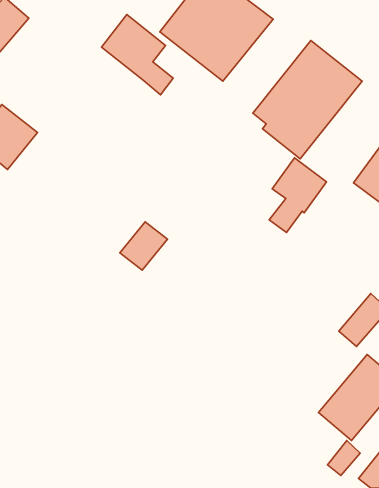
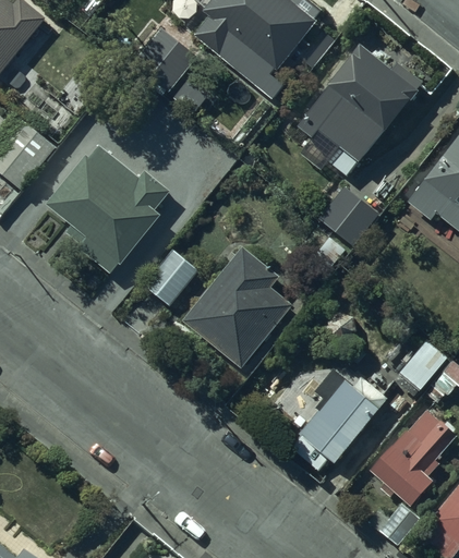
building: none -> [46,145,171,269]
building: none -> [186,248,298,371]
building: none -> [291,380,379,475]

